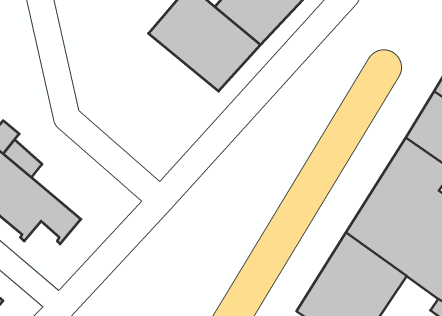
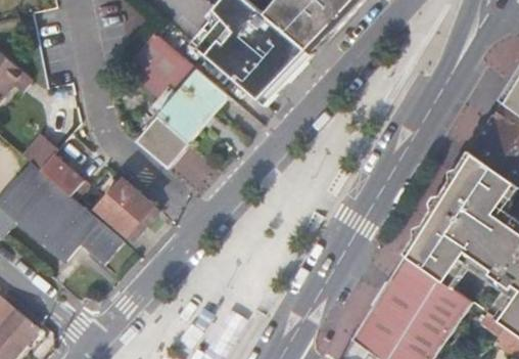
building: none -> [123,31,230,167]
building: none -> [93,180,161,246]

